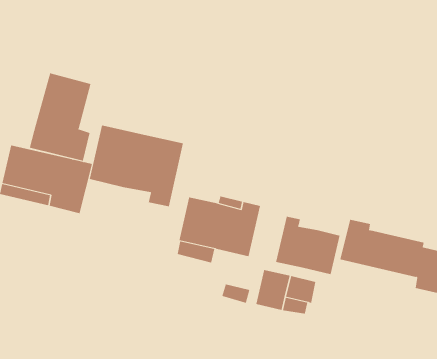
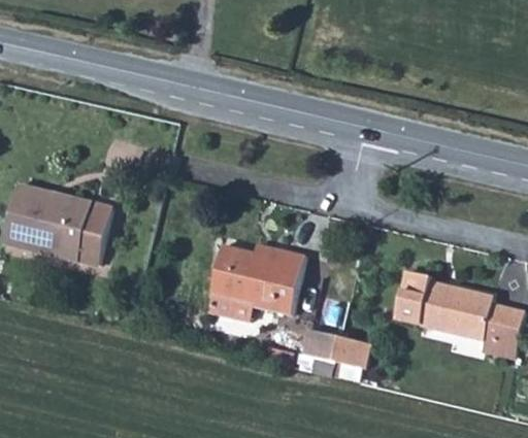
building: [29,73,91,162] -> none
building: [89,124,184,207] -> none
building: [276,216,340,275] -> none

